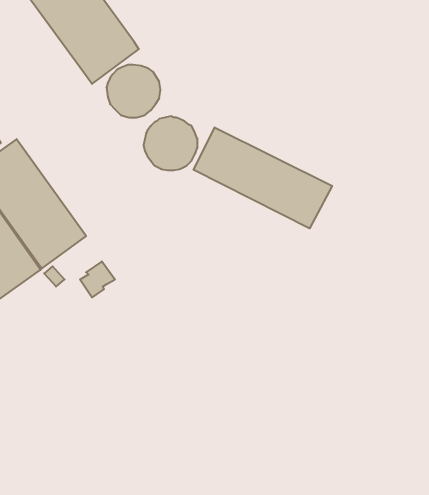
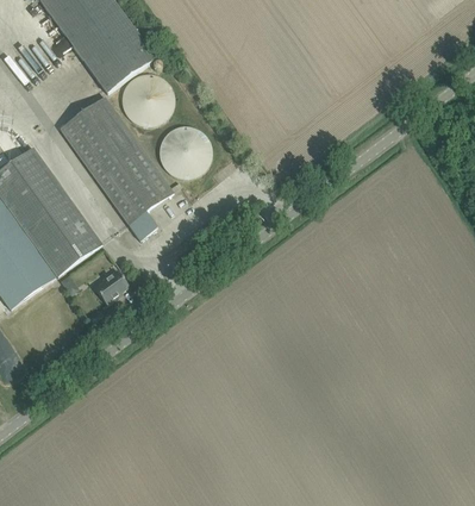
building: none -> [58,95,173,239]
building: [194,127,332,228] -> none

